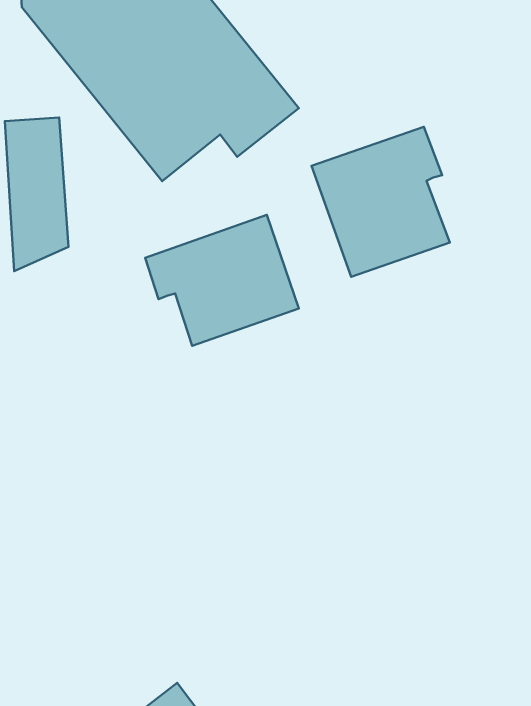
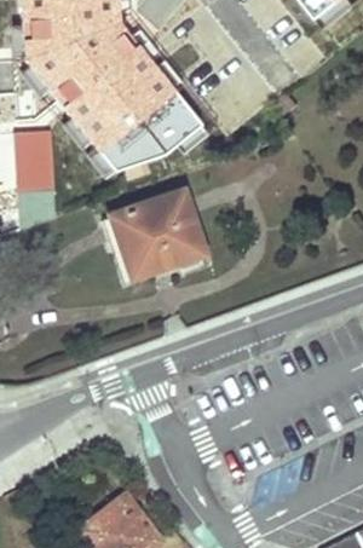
building: [311,127,450,277] -> none

